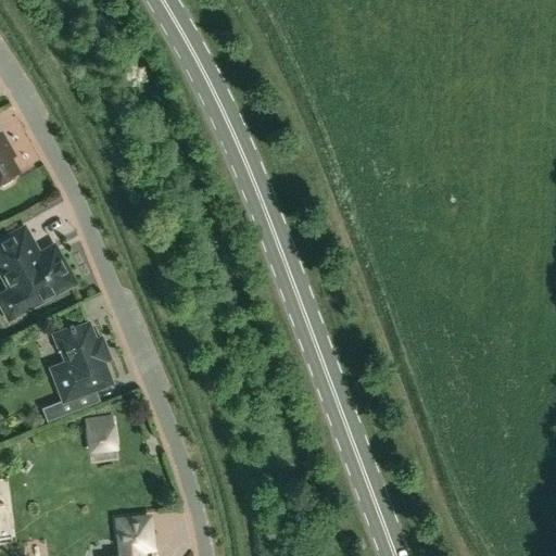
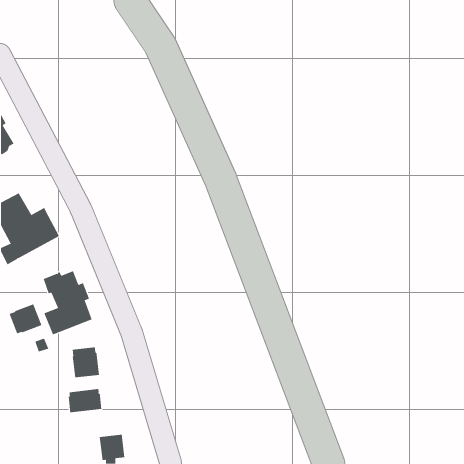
building: none -> [9,303,42,334]
building: none -> [68,388,102,413]

